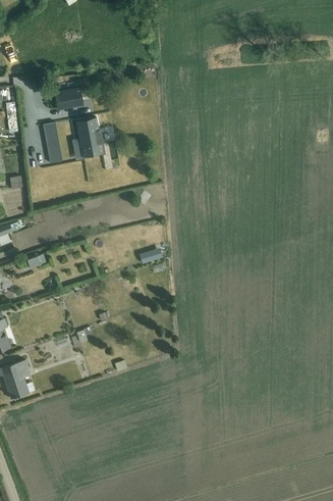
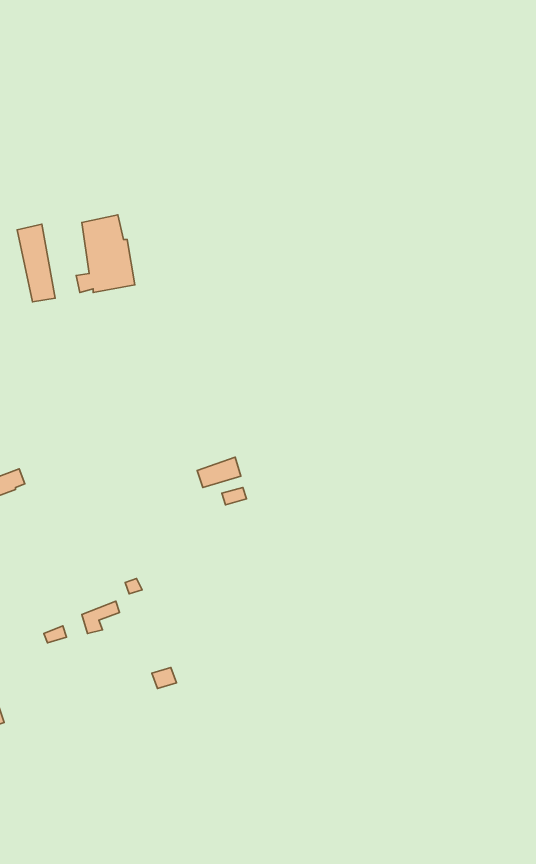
building: [55,88,81,108] -> none

